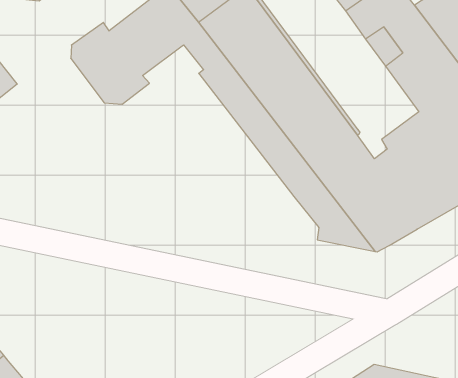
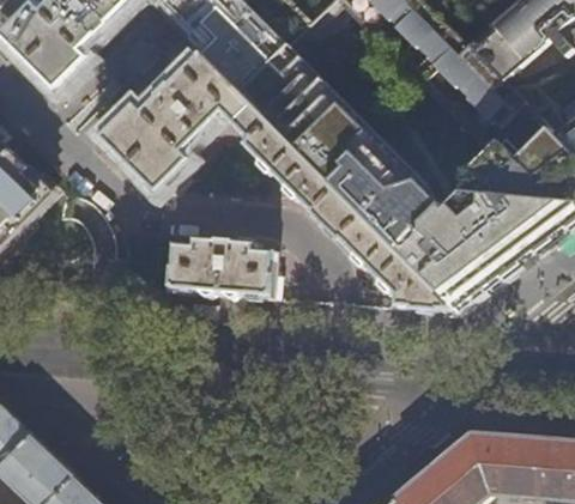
building: none -> [167,236,274,296]

